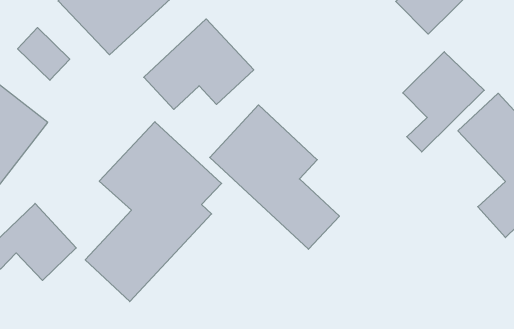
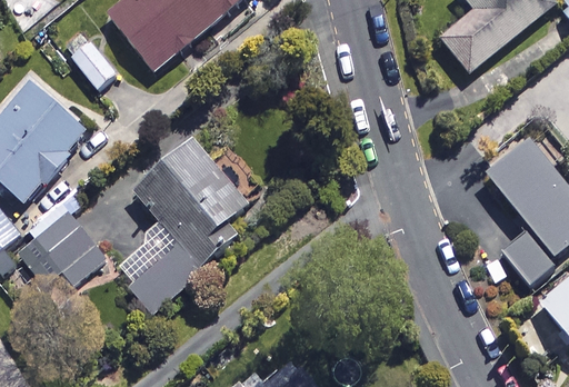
building: [144,19,254,109] -> none
building: [403,52,484,152] -> none
building: [210,105,339,249] -> none

